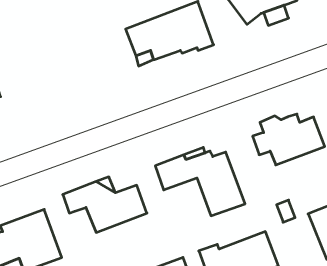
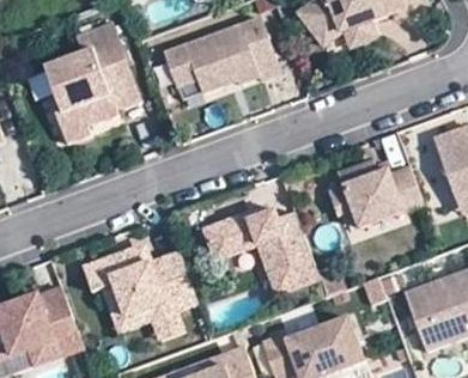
building: none -> [45,23,139,141]
building: none -> [99,282,199,340]

